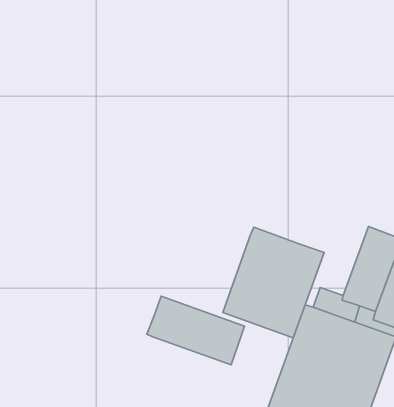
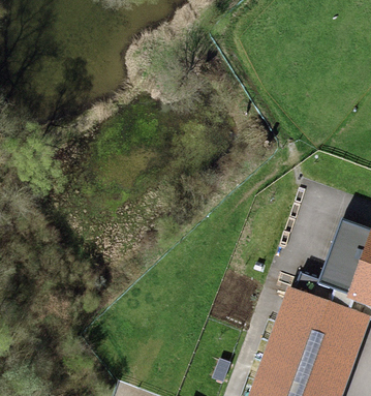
building: [223,227,324,338] -> none
building: [147,296,245,365] -> none

